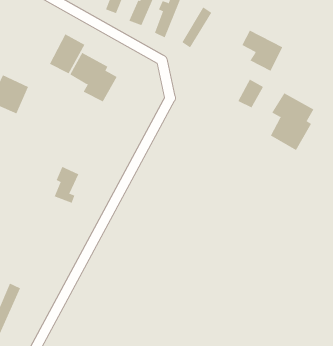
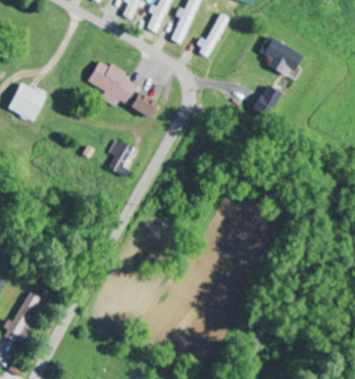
building: [49,33,85,74] -> none
building: none -> [129,91,156,119]
building: [270,93,314,151] -> none
building: [54,166,79,204] -> [107,138,133,176]

